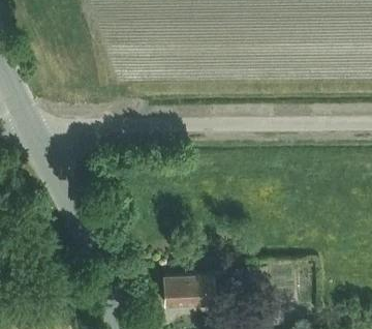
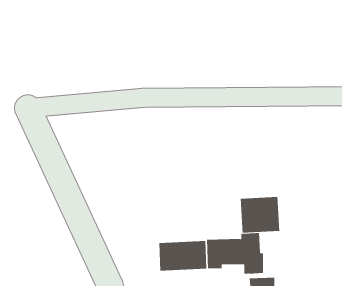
building: none -> [240,196,280,233]

